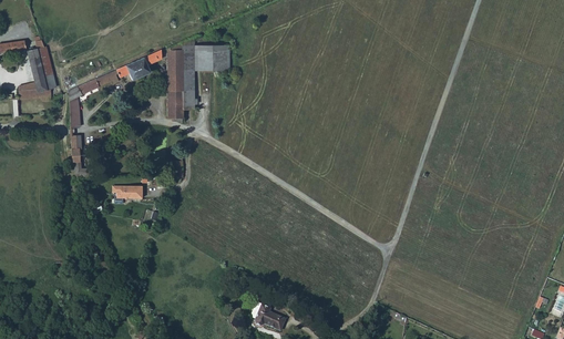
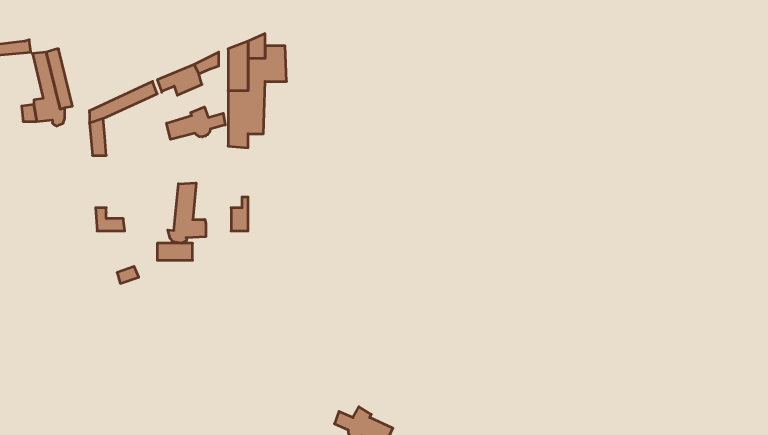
building: [208,44,229,70] -> none
building: none -> [167,107,225,139]
building: none -> [168,183,206,243]

